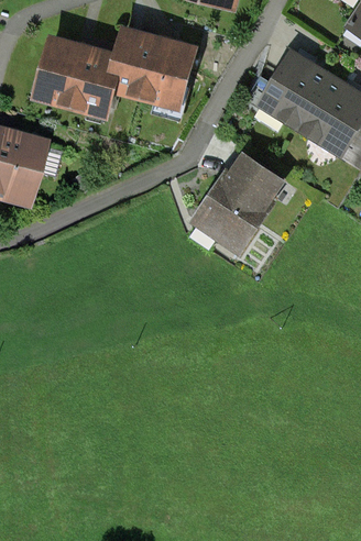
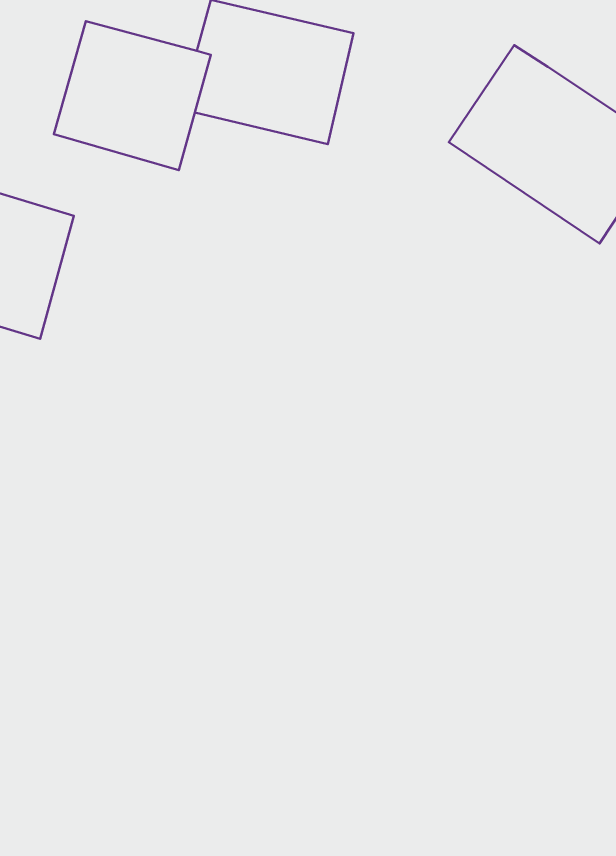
building: [192,148,286,254] -> none

